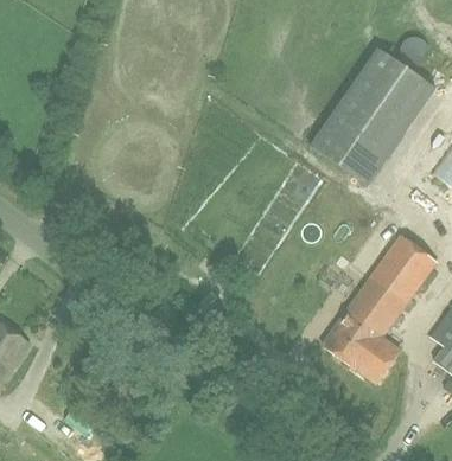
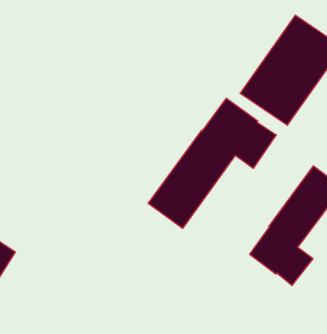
building: none -> [148,98,276,228]

